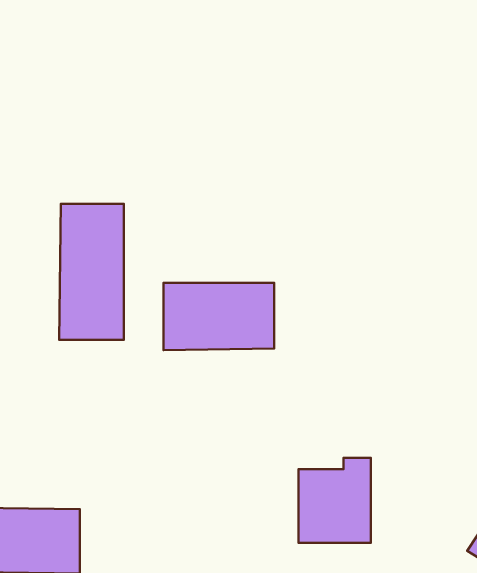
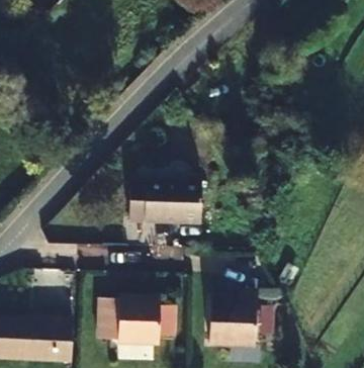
building: [59,204,124,340] -> none
building: none -> [103,302,165,347]

